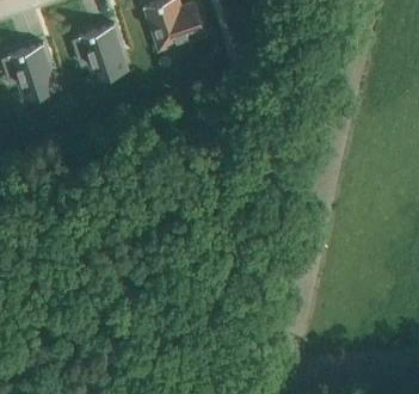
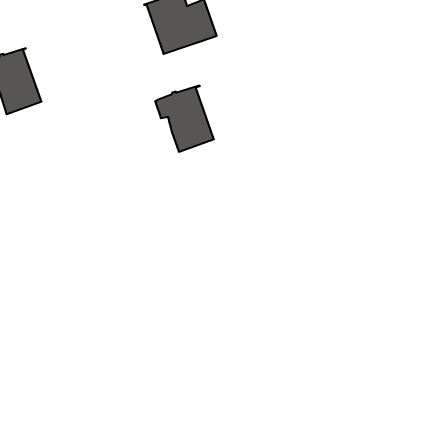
building: [76,24,127,80] -> [155,86,214,152]

